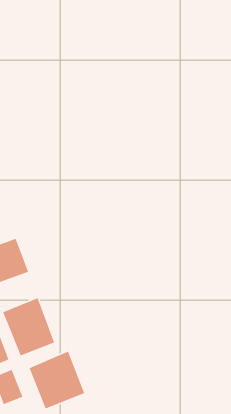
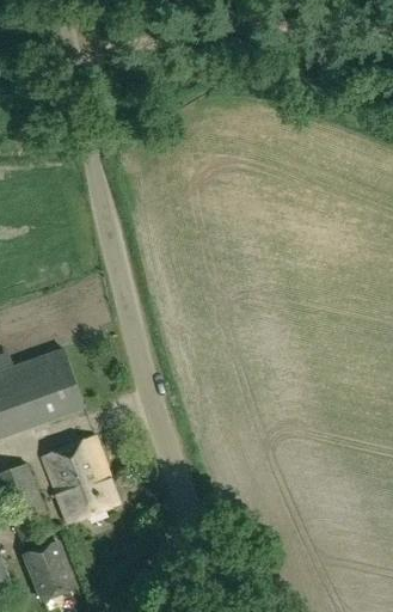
building: [28,351,85,410] -> none

